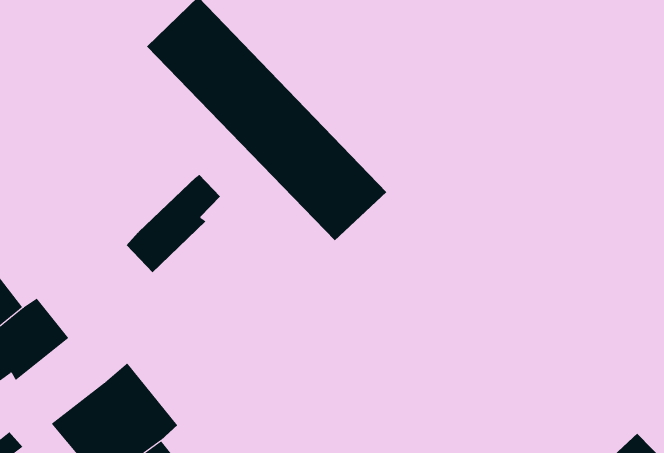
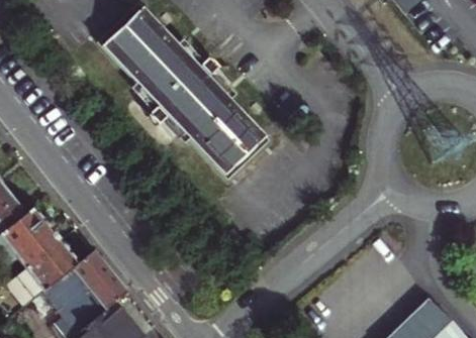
building: [126,174,221,273] -> none
building: none -> [17,234,78,291]

